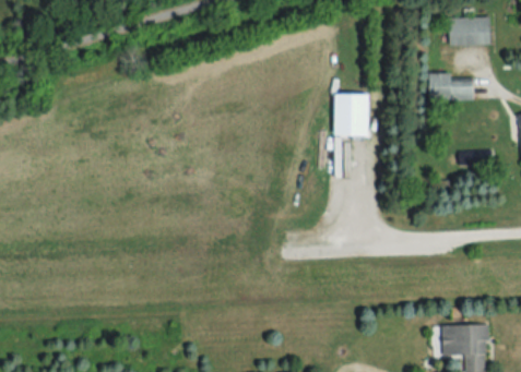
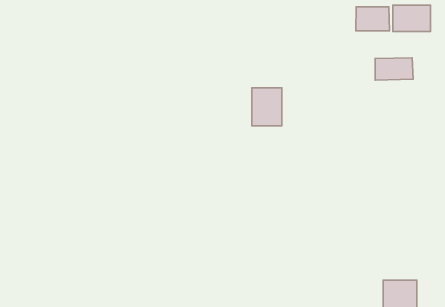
building: none -> [356,7,389,31]
building: [336,94,370,136] -> [252,88,282,126]

